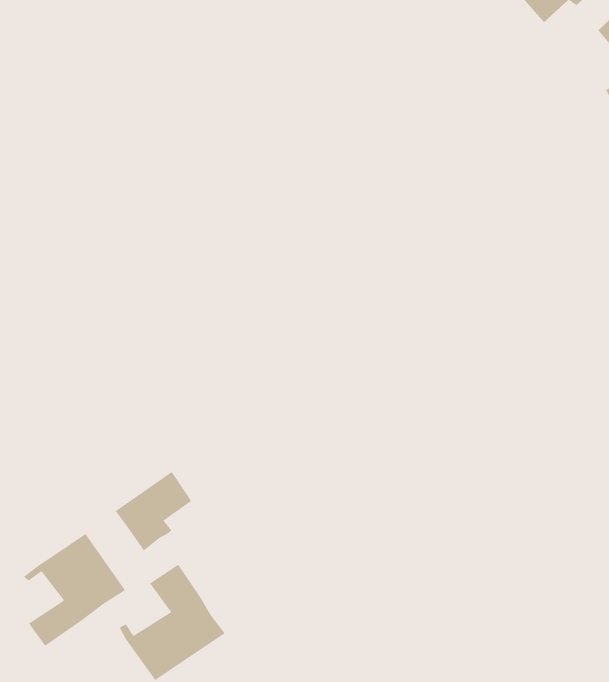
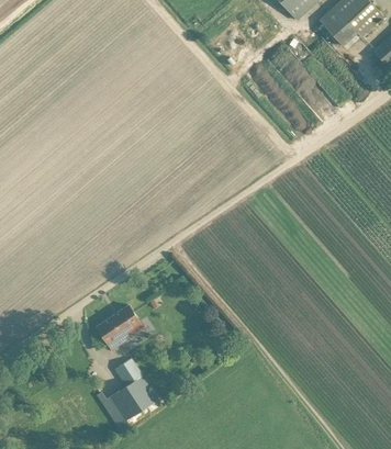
building: [23,533,126,648] -> none

